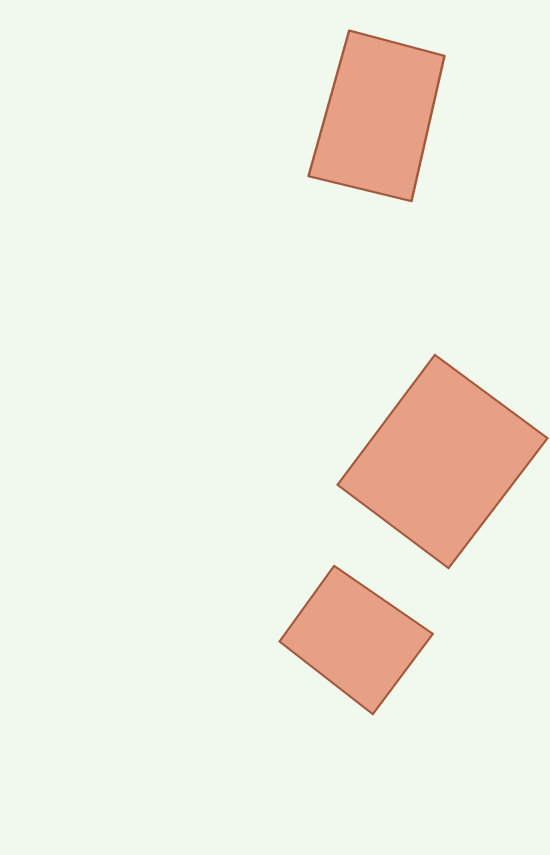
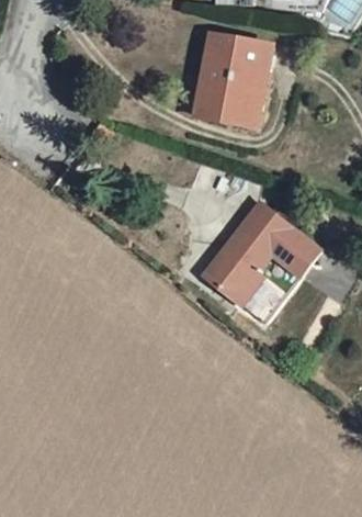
building: [280,566,433,714] -> none

